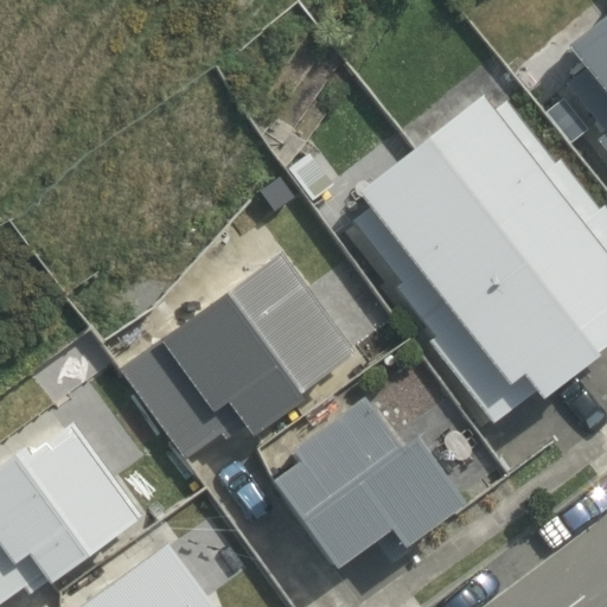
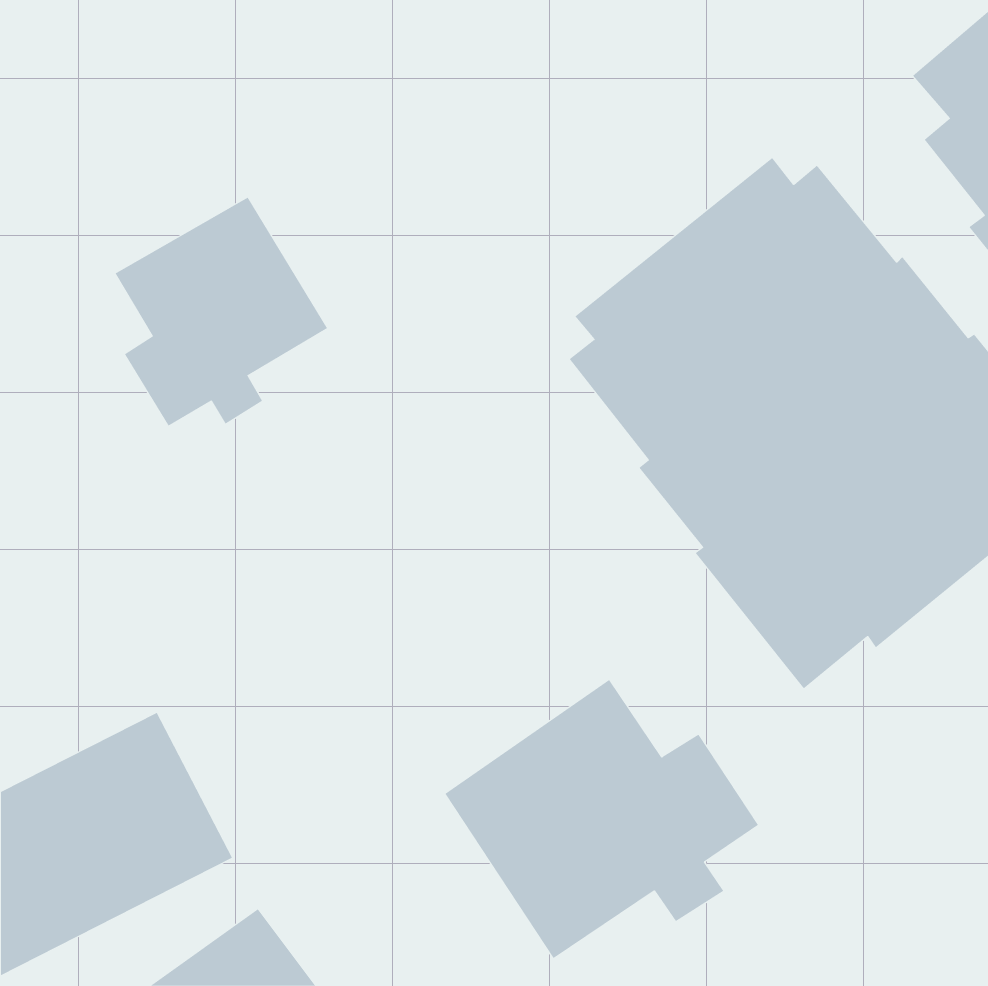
building: none -> [115,197,328,427]
building: [130,257,350,454] -> none

